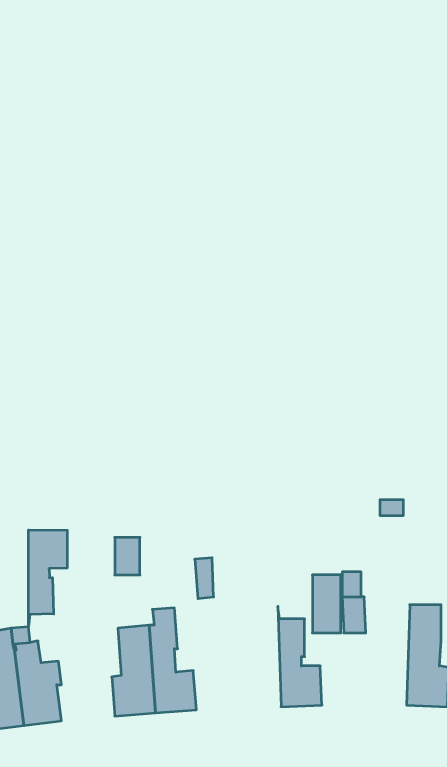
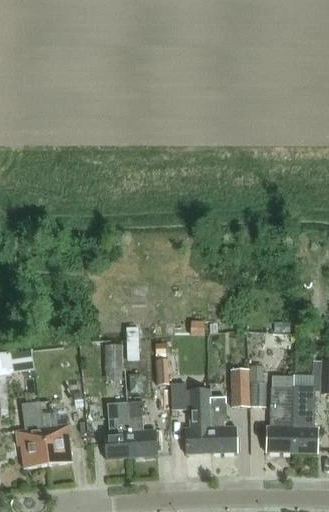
building: [29,530,67,627] -> none
building: none -> [175,382,211,452]
building: none -> [265,386,293,451]

